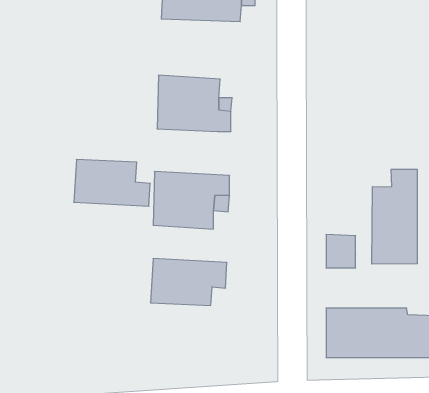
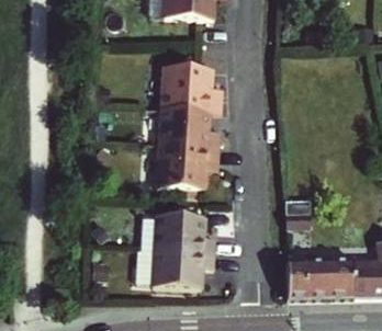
building: [74,159,150,206] -> [148,106,211,145]
building: [372,169,417,264] -> none
building: none -> [143,249,204,290]

